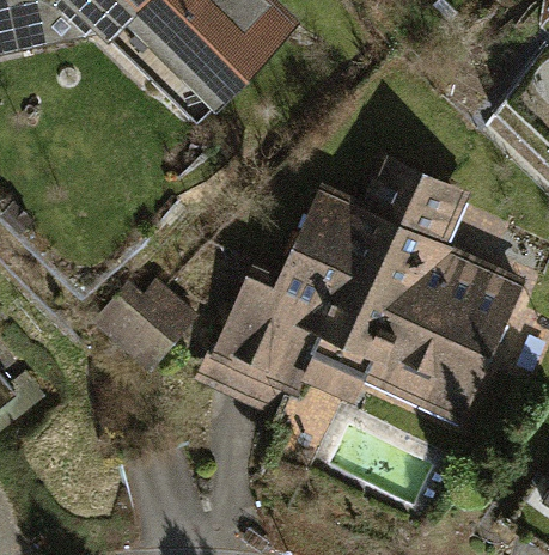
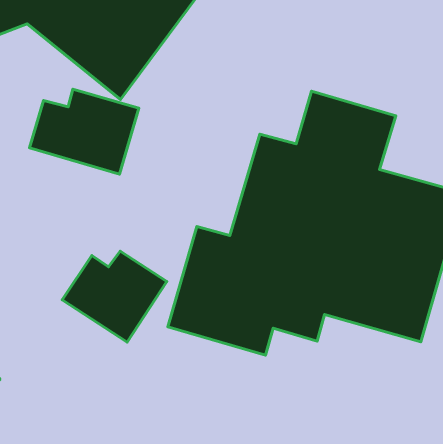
building: none -> [29,89,139,174]

